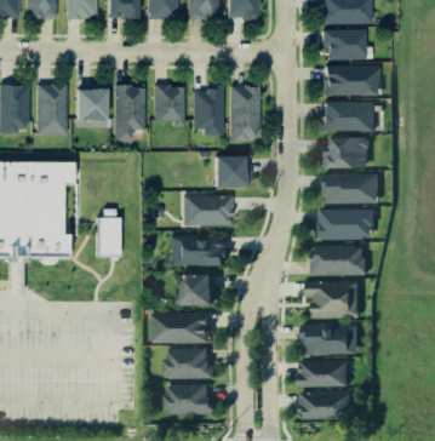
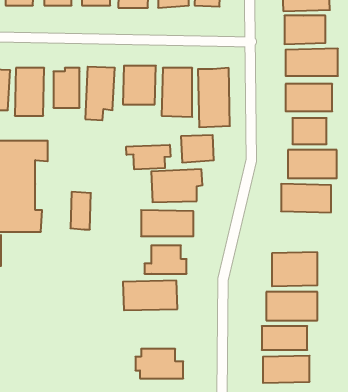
building: none -> [126,145,170,169]
building: [314,244,366,275] -> none
building: [162,348,216,377] -> none

